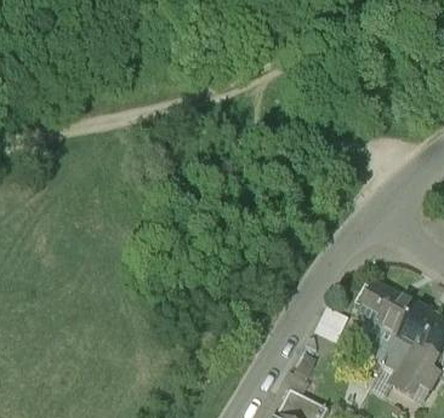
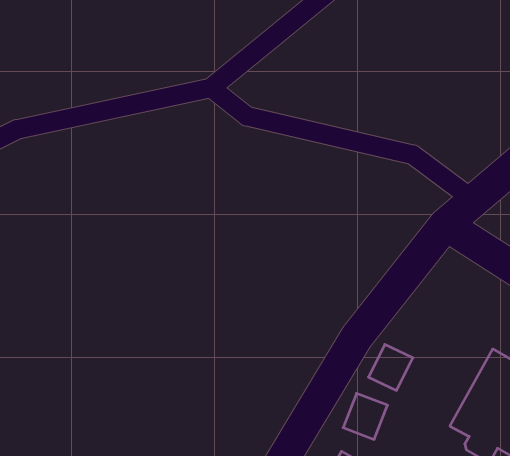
building: [352,284,416,374] -> none

